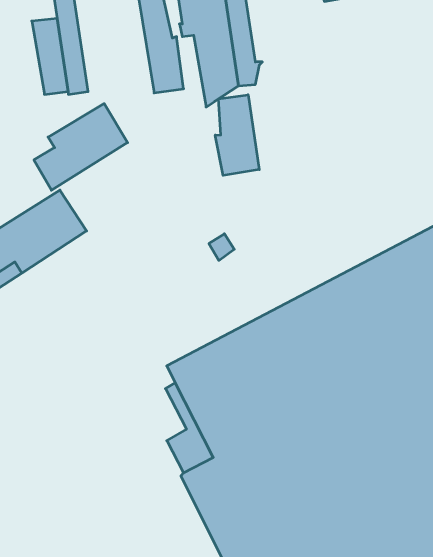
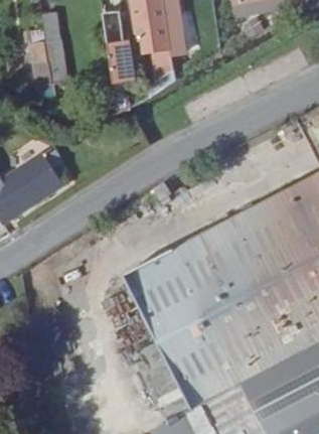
building: [215,95,259,175] -> none
building: [34,104,128,190] -> none

